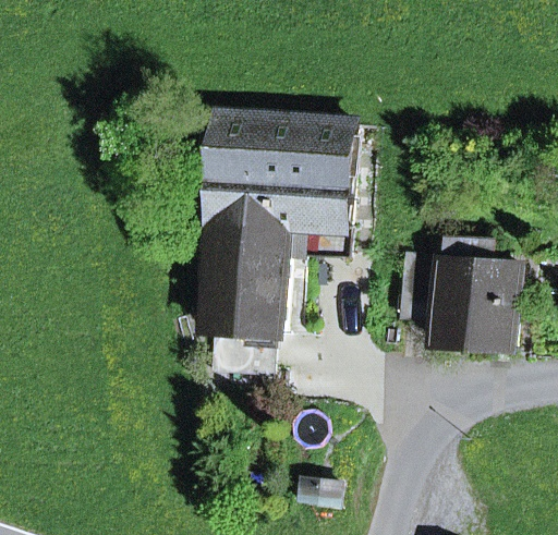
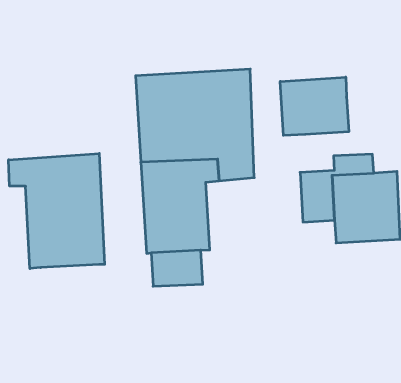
building: none -> [280,77,349,135]
building: none -> [9,153,105,269]

